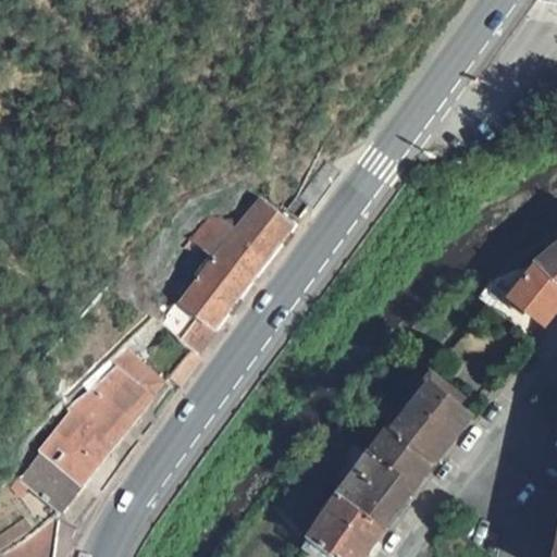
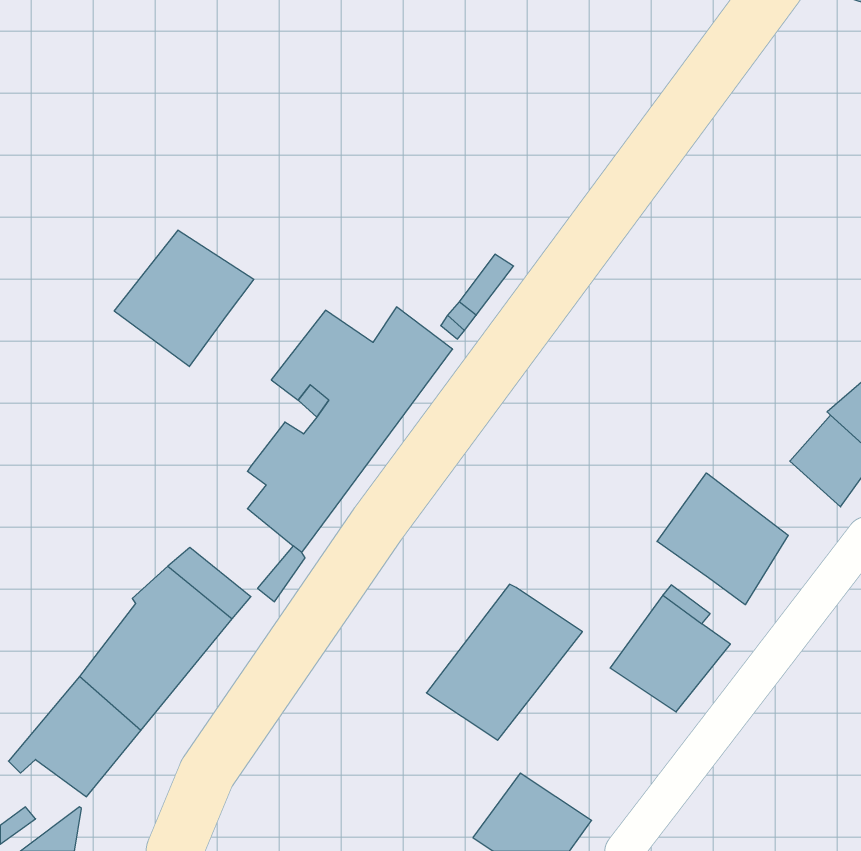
building: none -> [114,230,254,367]
building: none -> [657,473,788,605]
building: [337,426,437,527] -> [426,584,582,740]

